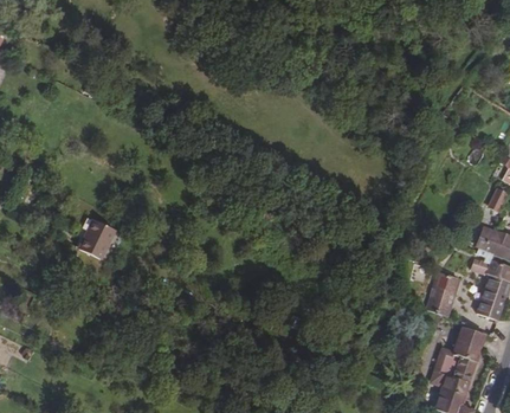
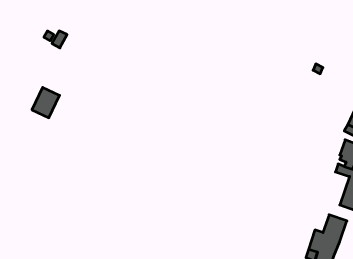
building: [78,218,115,258] -> [32,87,60,118]
building: [425,271,458,316] -> none

